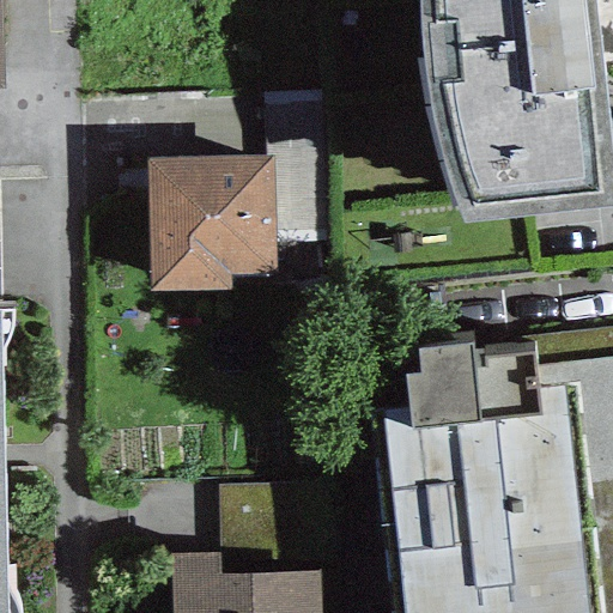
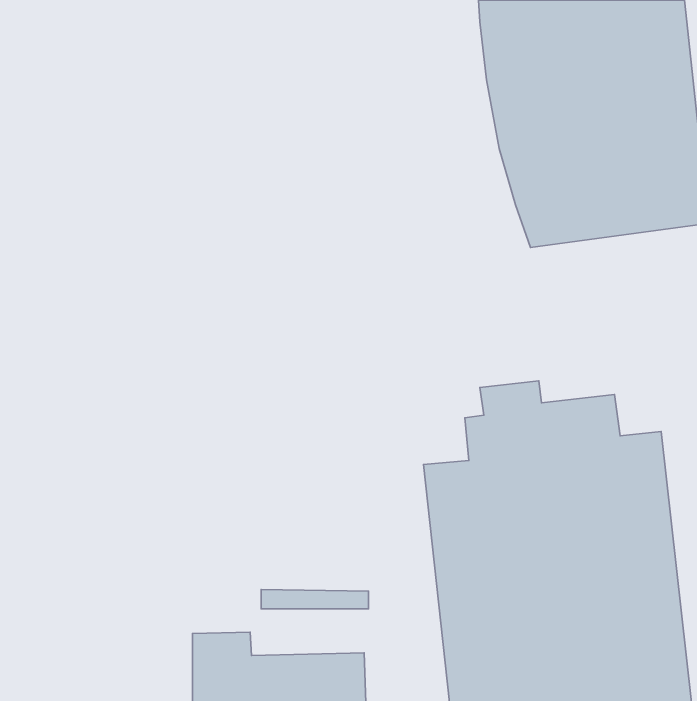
building: [150,154,278,287] -> none

